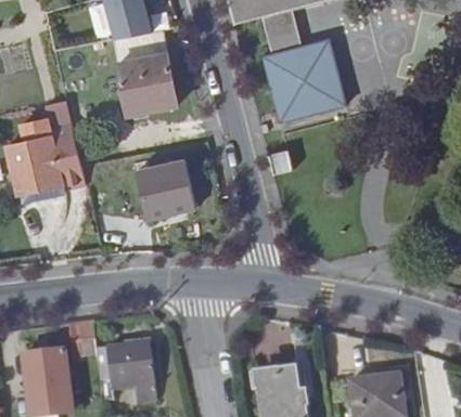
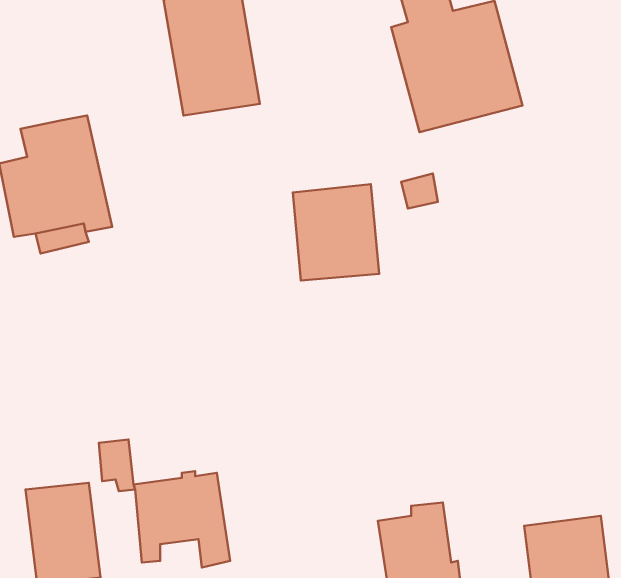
building: [137,159,193,222] -> [293,184,379,280]

